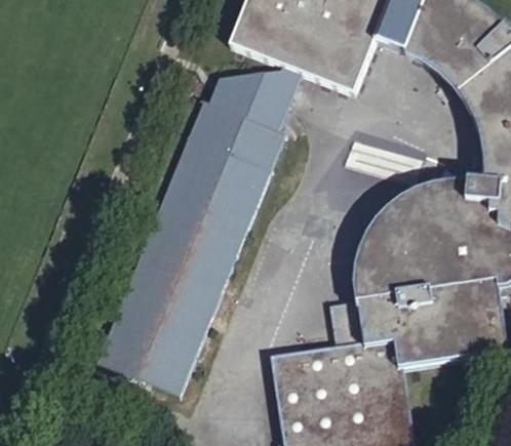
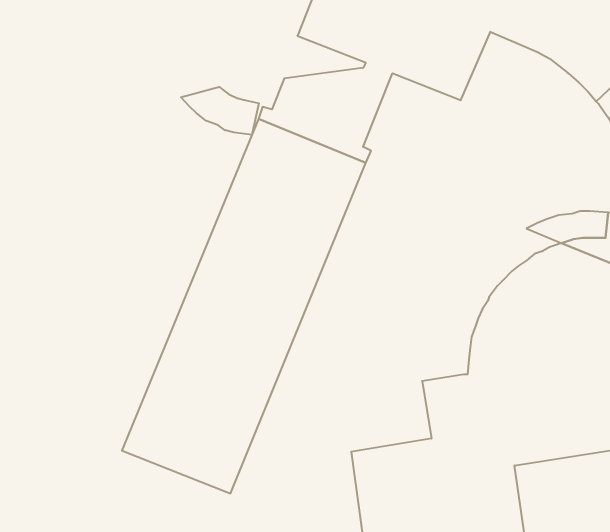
building: none -> [181,87,259,135]
building: [355,190,433,301] -> none

